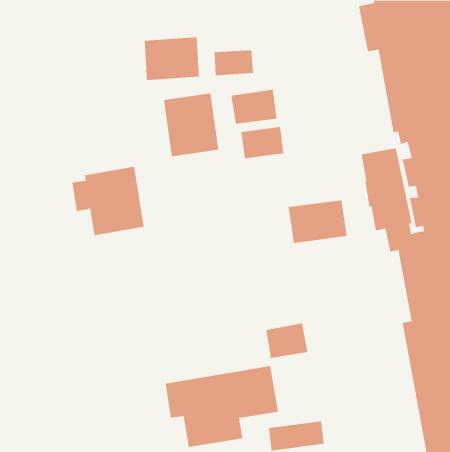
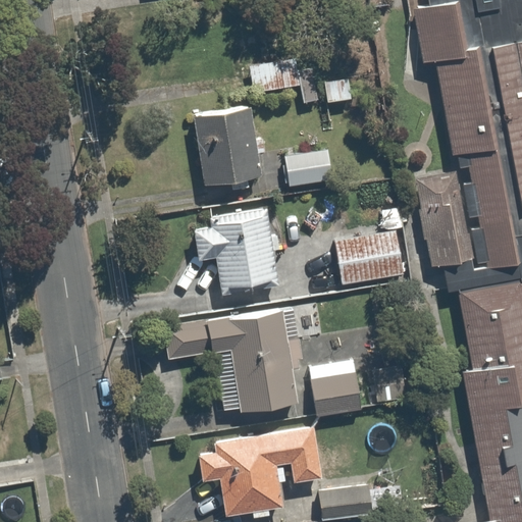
building: [144,37,199,81] -> none
building: [231,89,277,124] -> none
building: [72,166,145,236] -> [193,210,276,290]
building: none -> [163,309,307,414]

